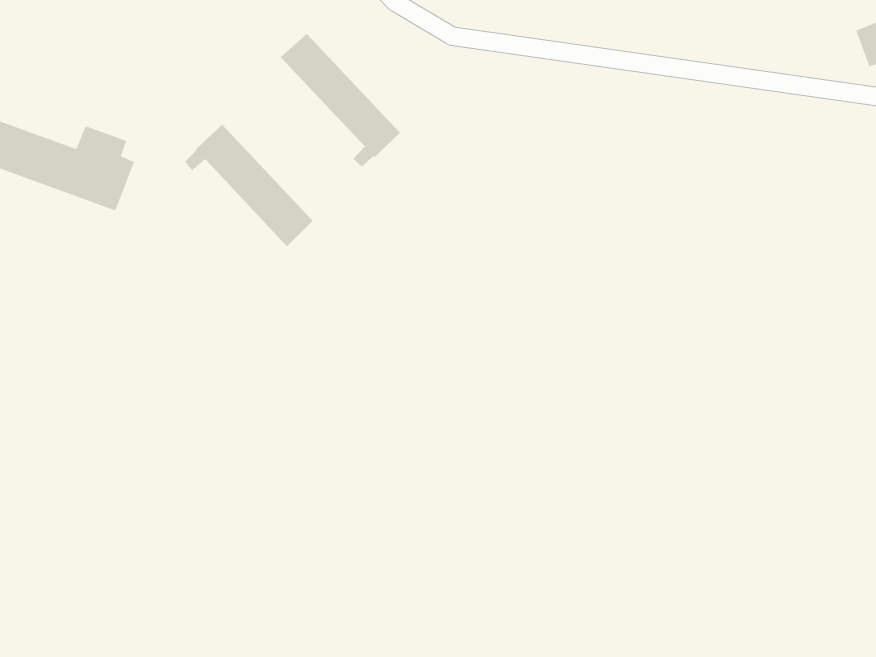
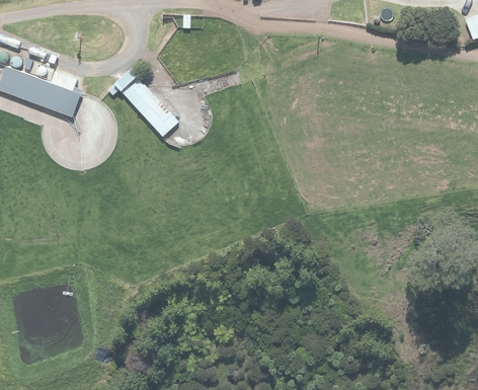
building: [280,33,401,167] -> none

